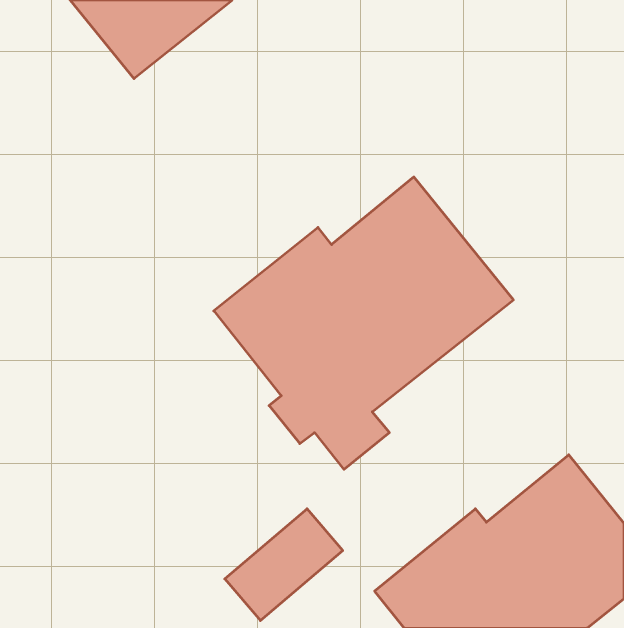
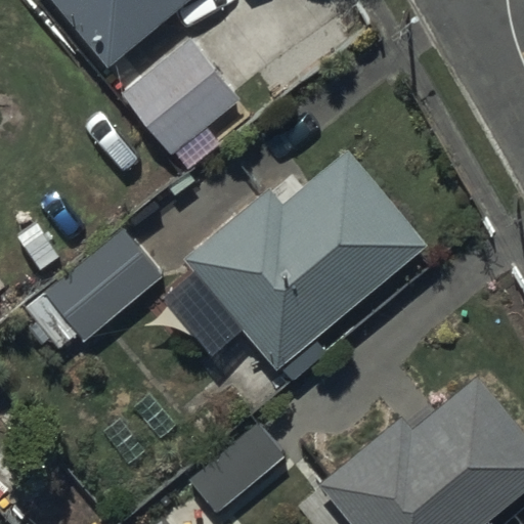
building: none -> [122,37,241,154]
building: none -> [20,222,169,355]

